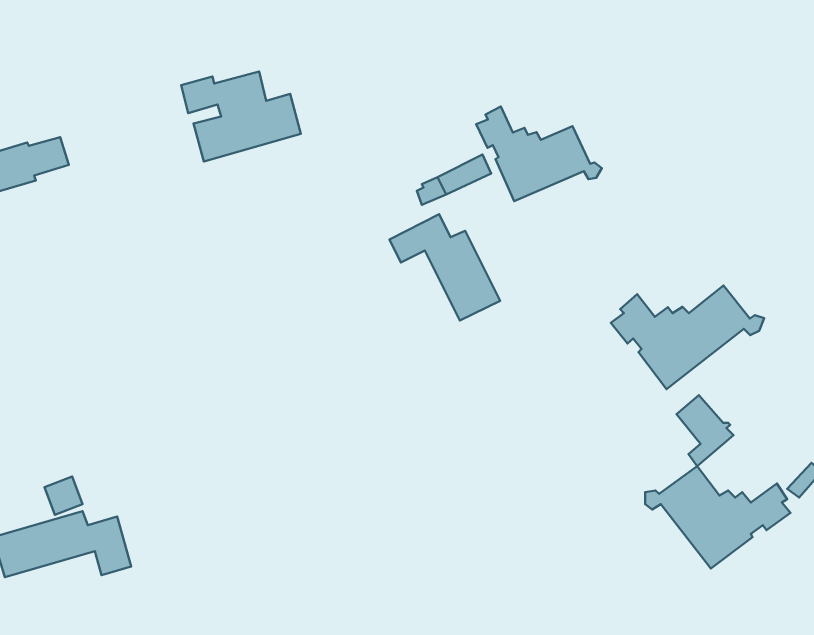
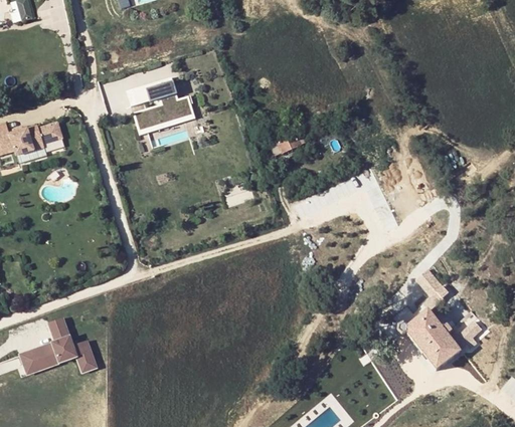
building: [476,107,602,201] -> none
building: [389,214,500,320] -> none
building: [611,286,764,389] -> none

